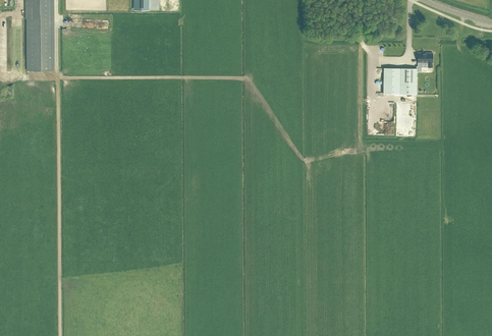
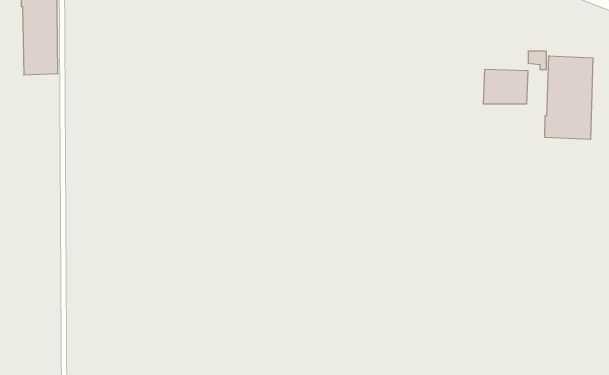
building: none -> [545,56,593,139]

